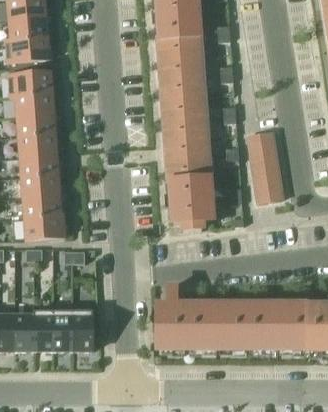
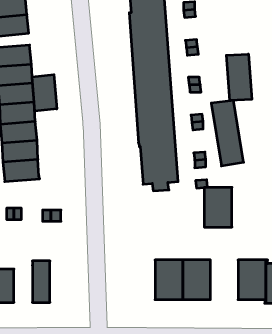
building: none -> [226,54,252,101]
building: none -> [32,75,57,111]
building: [24,213,65,239] -> none
building: [156,304,187,347] -> none
building: [247,304,277,347] -> [204,187,232,227]
building: [73,305,93,350] -> none
building: [34,310,54,350] -> none

